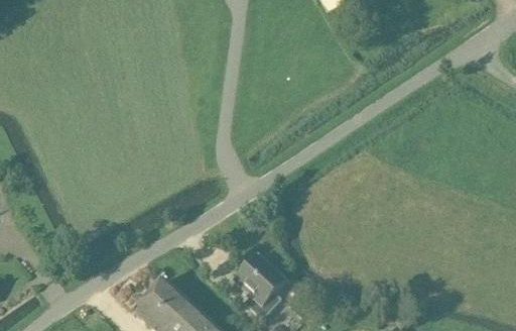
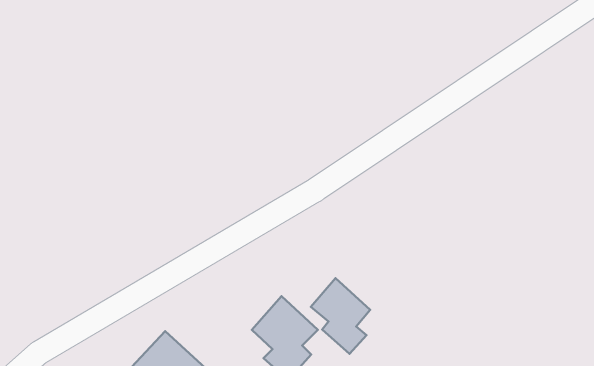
building: none -> [311,278,370,354]

